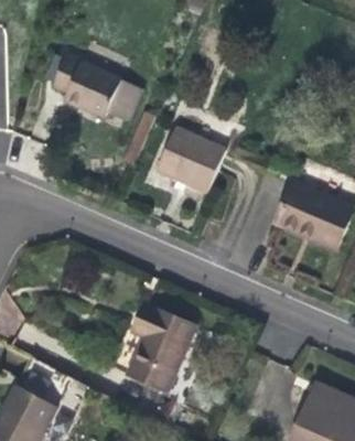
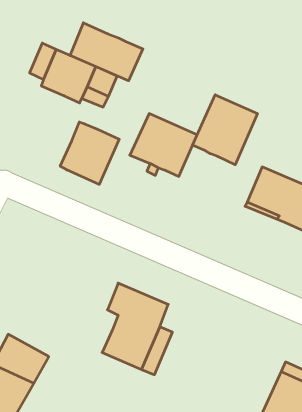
building: none -> [70,23,143,81]
building: none -> [192,95,257,165]
building: none -> [60,122,119,184]

